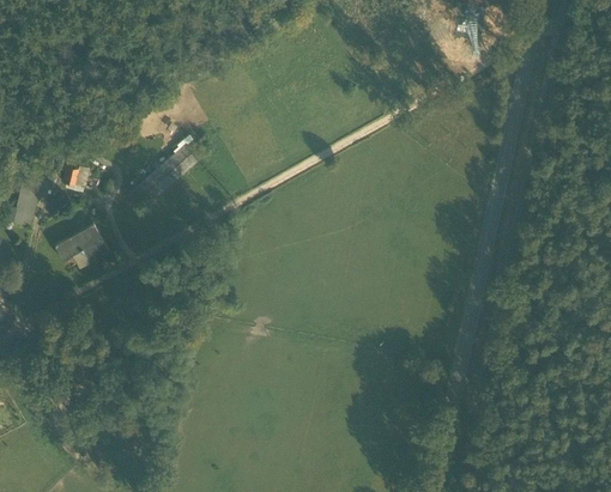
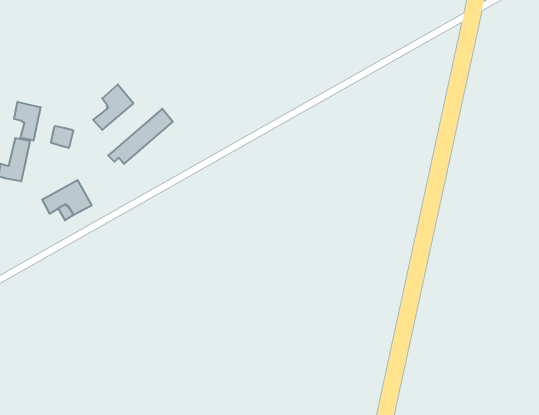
building: none -> [93,84,133,130]
building: none -> [14,102,41,141]

